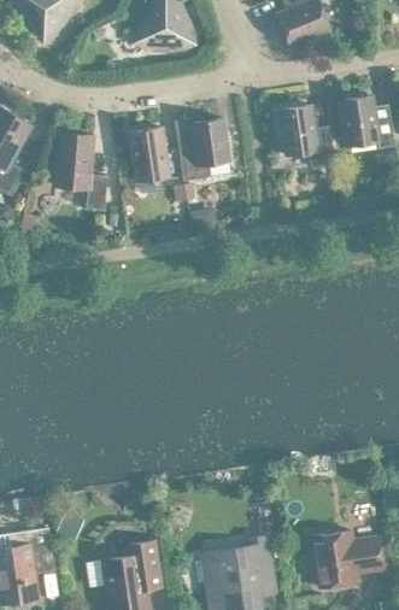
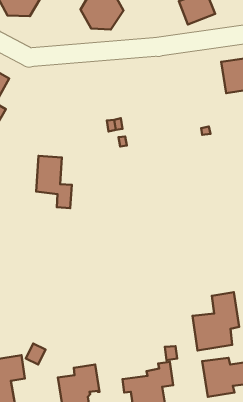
building: [278,105,335,166] -> none
building: [177,117,229,180] -> none
building: [129,127,168,181] -> none
building: [55,133,107,209] -> [36,156,72,208]
building: none -> [192,292,239,350]

